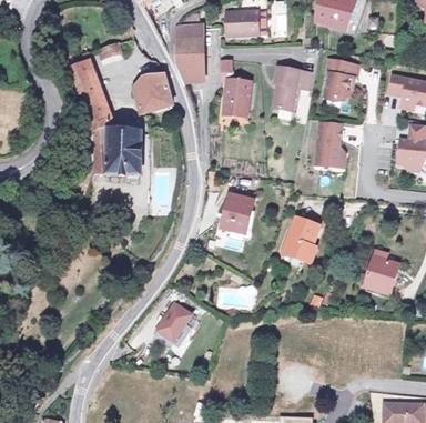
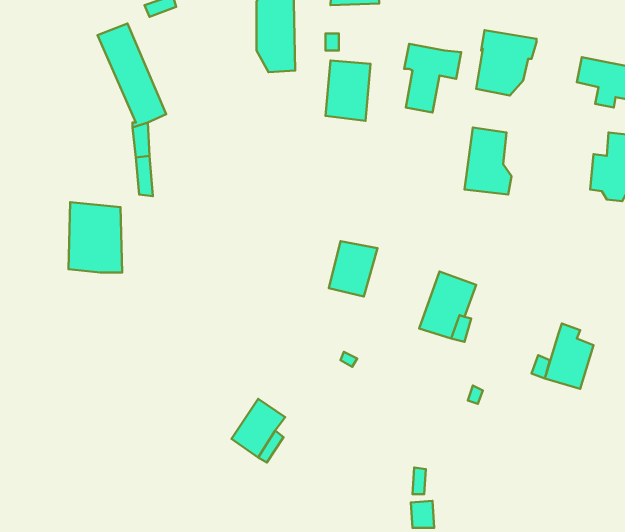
building: [136,69,174,105] -> none
building: [113,121,149,168] -> [68,202,122,273]

